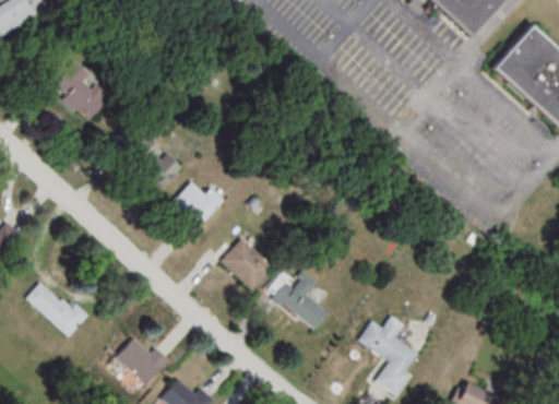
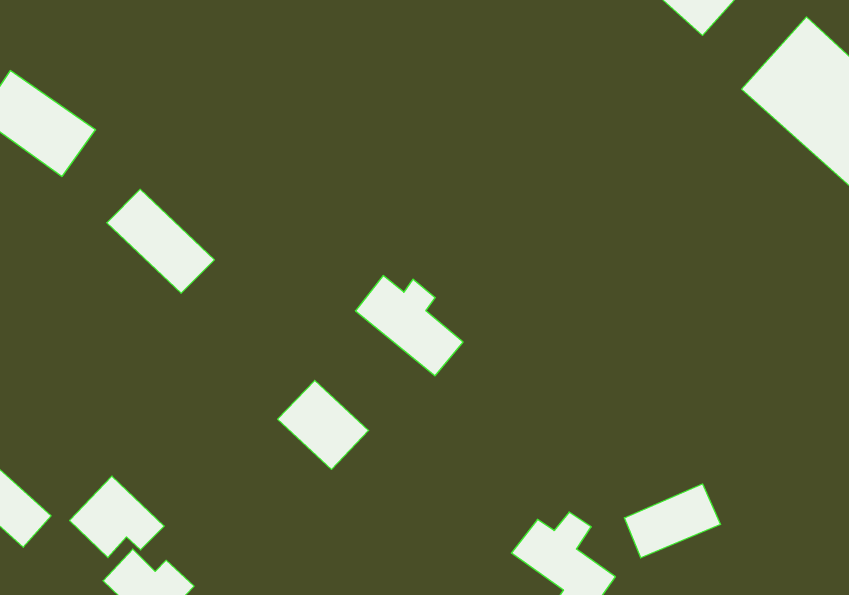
building: [170,181,226,229] -> none
building: [269,271,332,330] -> [355,276,463,376]
building: none -> [70,476,164,558]
building: none -> [624,484,720,558]

